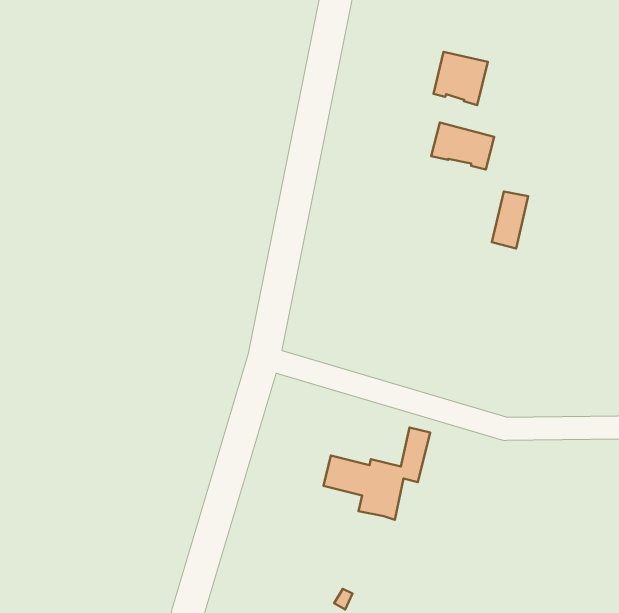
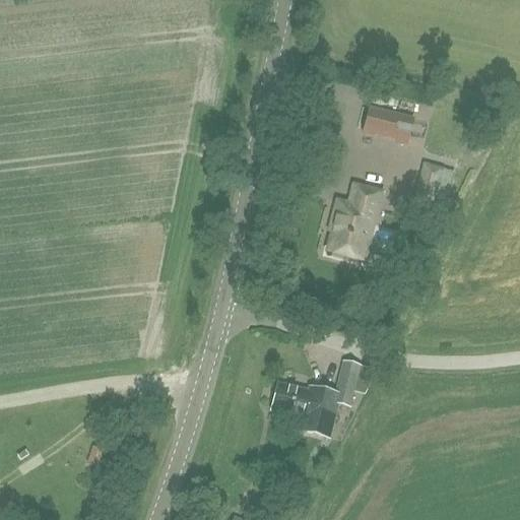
building: [433,52,488,105] -> none
building: none -> [329,184,381,258]

